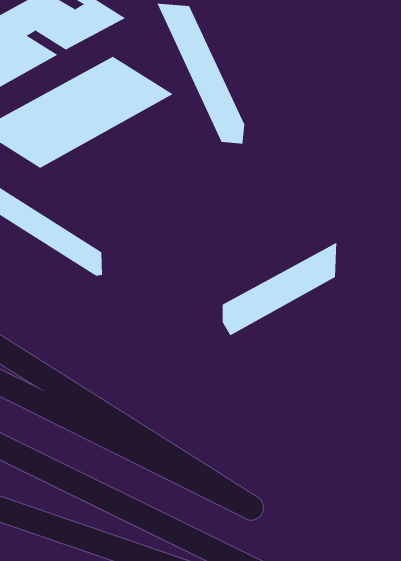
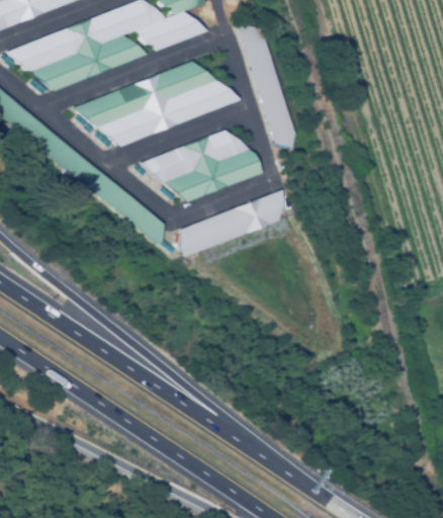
building: none -> [140,130,262,201]
building: [222,242,337,336] -> [177,189,282,256]

